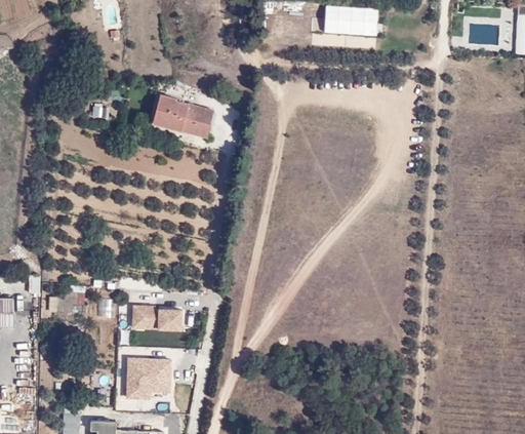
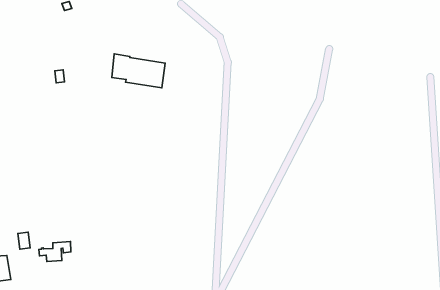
building: [131,307,183,332] -> none

